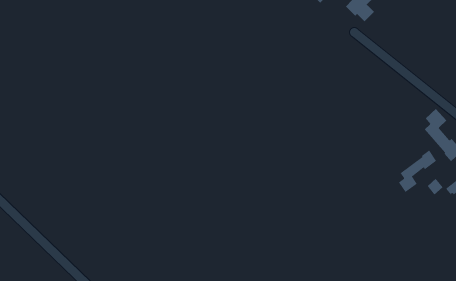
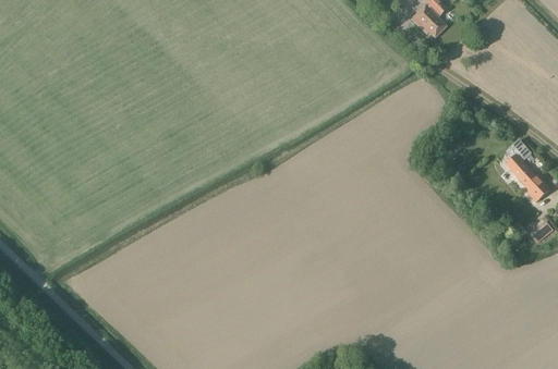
building: [398,150,437,193] -> none

